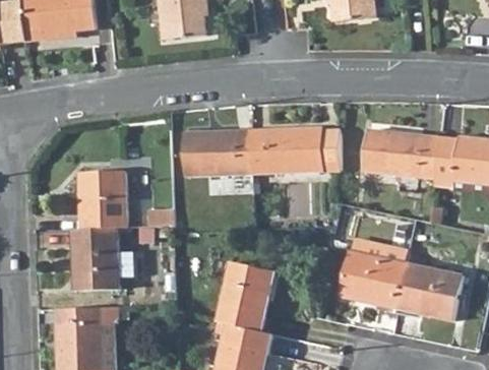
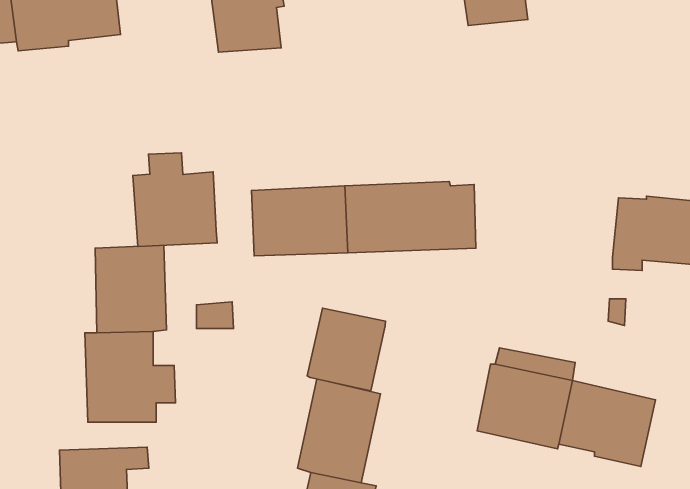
building: none -> [133,153,217,246]
building: [364,130,436,178] -> none
building: none -> [307,308,386,391]

